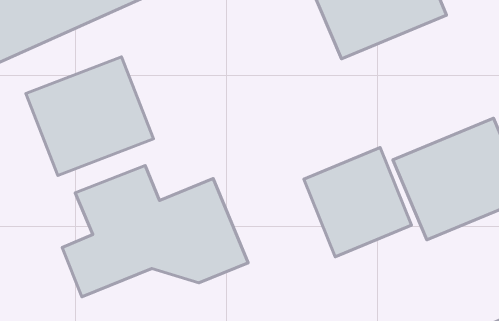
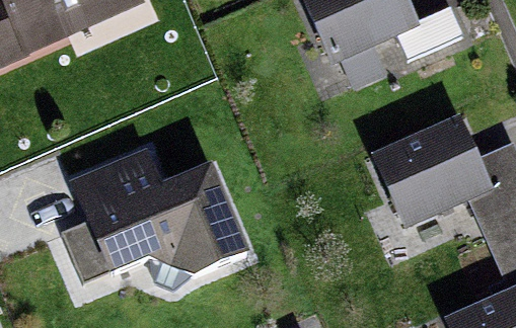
building: [26,57,154,175] -> none
building: [304,148,412,257] -> none

